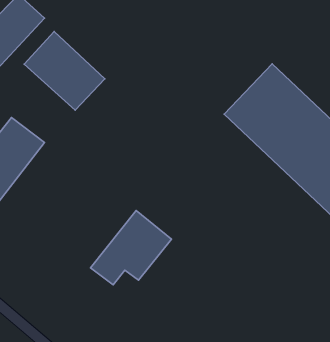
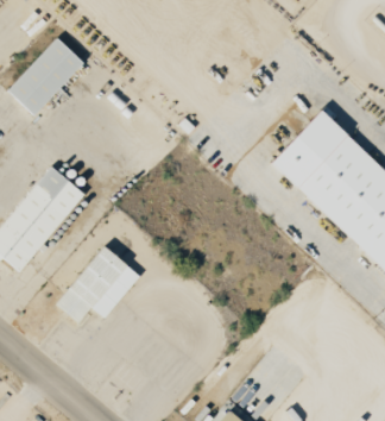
building: [24,32,105,110] -> none
building: [90,211,172,285] -> [56,245,140,322]

